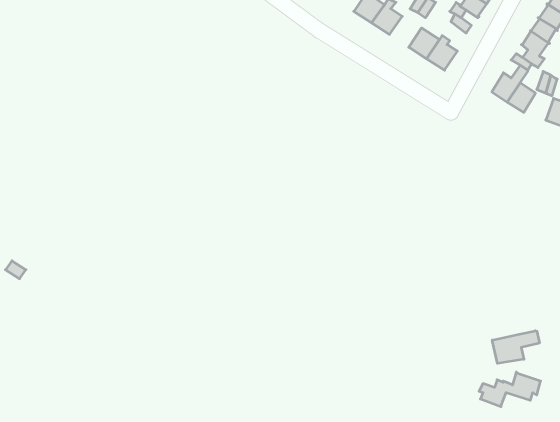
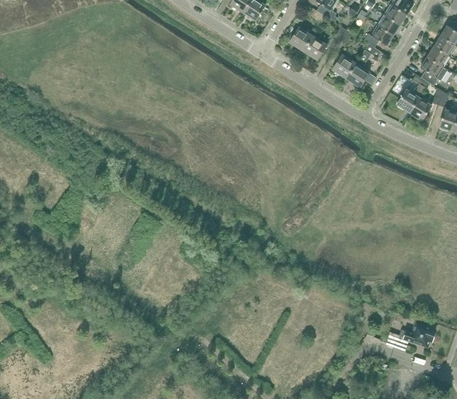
building: [492,331,539,363] -> none

